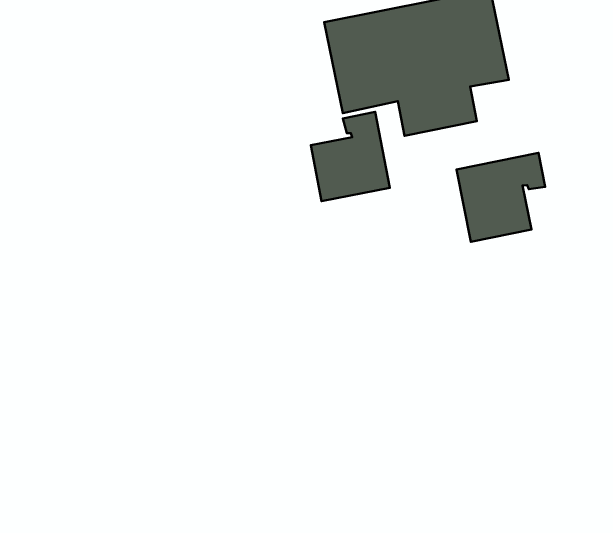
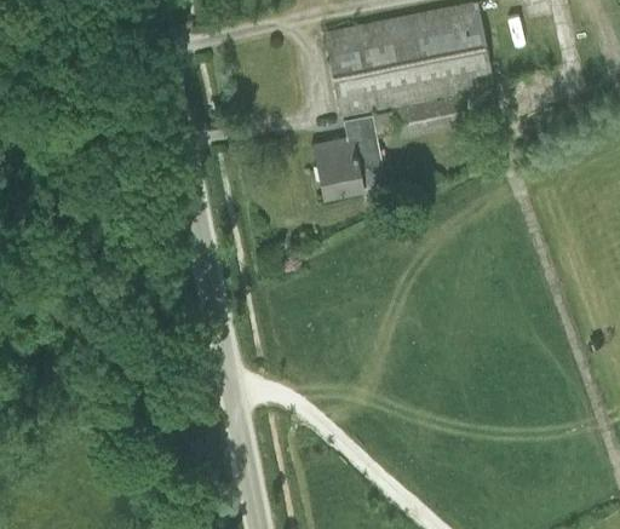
building: [456,153,545,242] -> none

